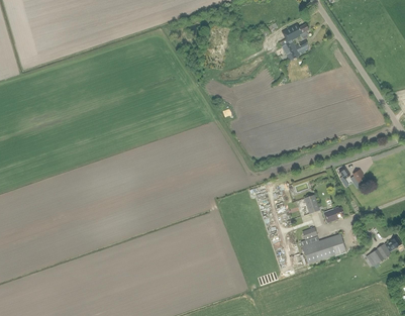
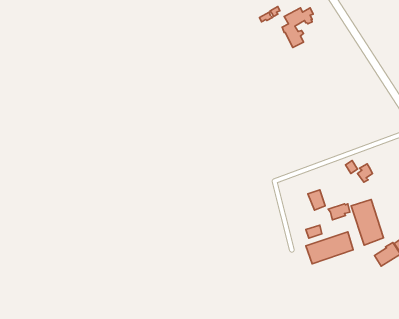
building: none -> [351,200,384,245]

